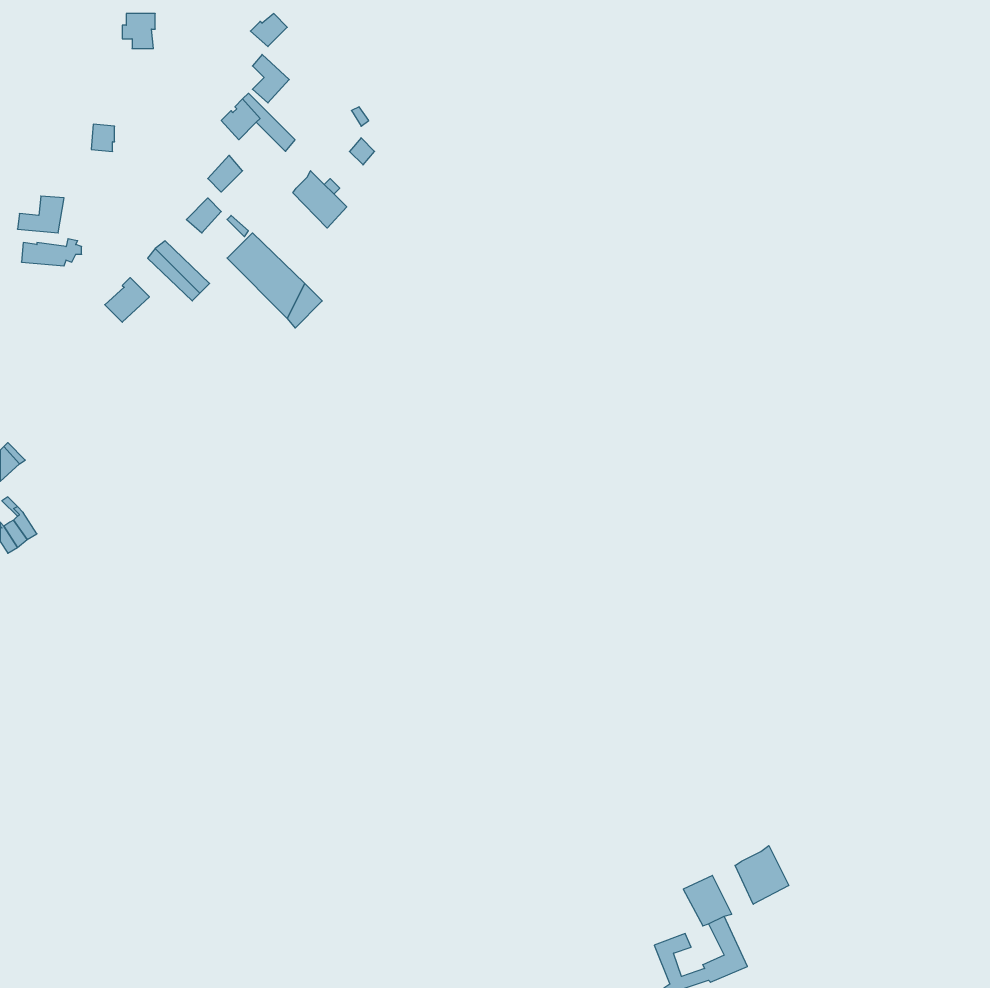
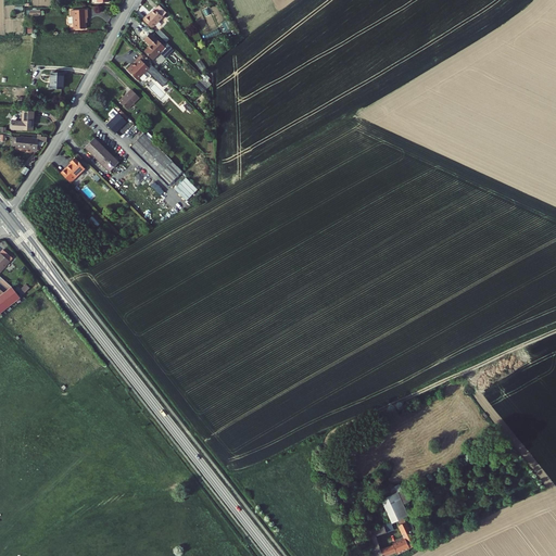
building: [293,171,347,228] -> none
building: [735,846,789,904] -> none

